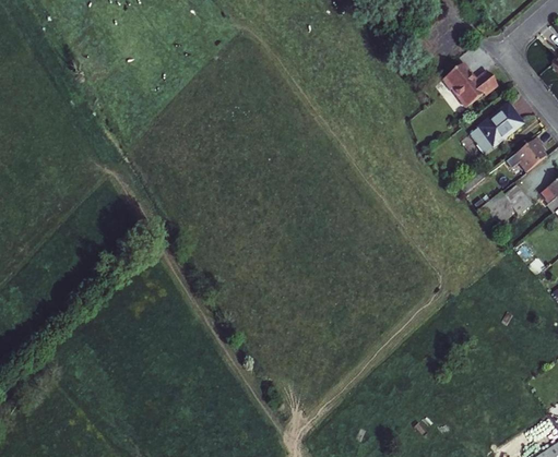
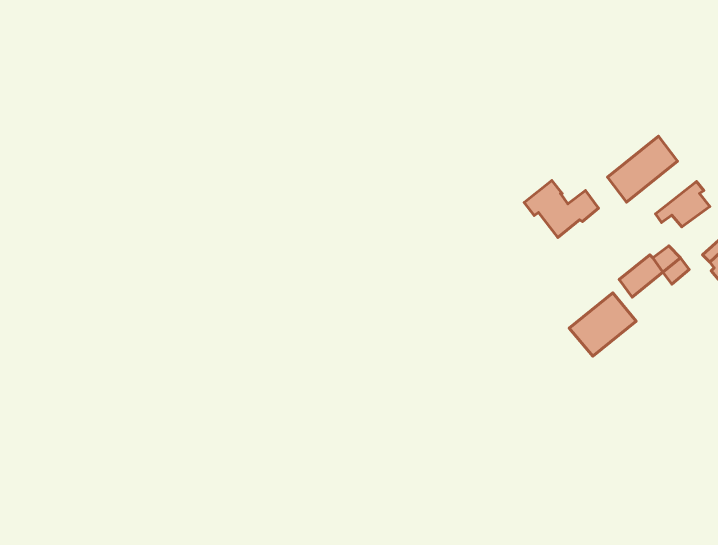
building: [442,64,498,107] -> [524,180,599,237]
building: none -> [569,293,636,356]

